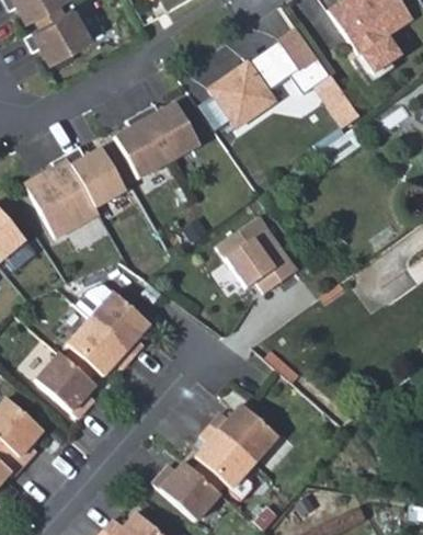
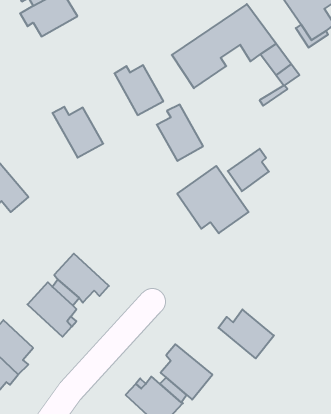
building: [112,106,167,173] -> [157,105,203,161]
building: [25,153,100,237] -> none
building: none -> [228,149,269,191]
building: [73,285,150,358] -> none
building: [211,406,277,464] -> [218,309,274,358]

